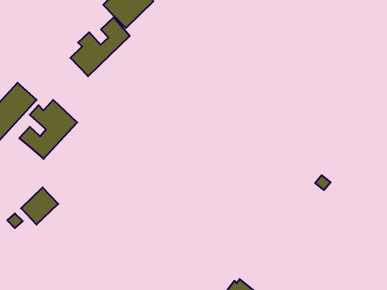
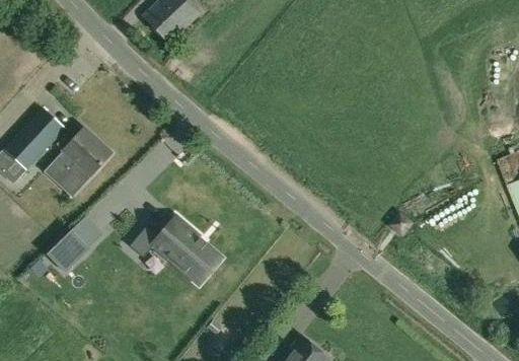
building: [70,17,130,76] -> none
building: none -> [130,217,222,285]

